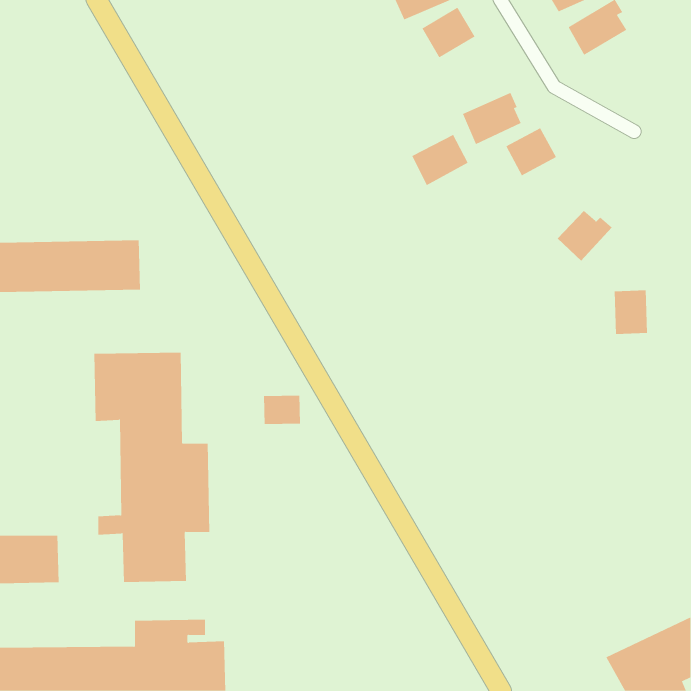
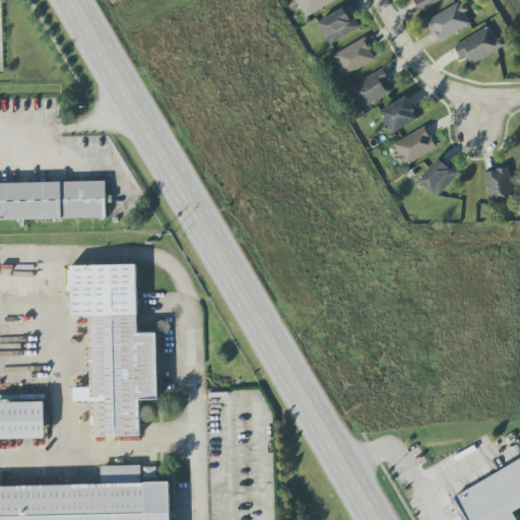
building: none -> [452,26,505,63]
building: [412,134,469,186] -> [333,37,376,75]
building: none -> [391,125,436,166]
building: [614,290,648,334] -> [485,168,511,201]
building: [263,395,301,425] -> none

